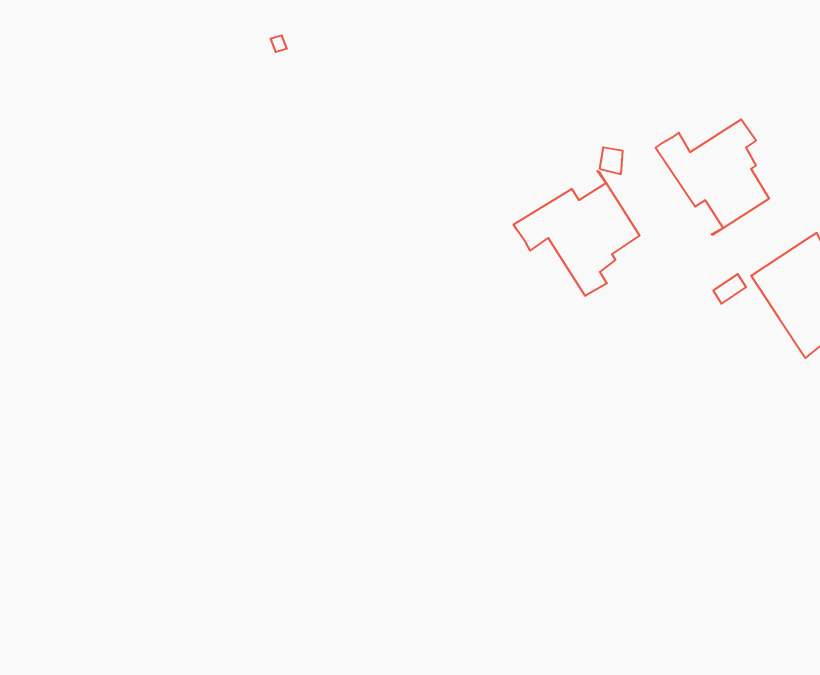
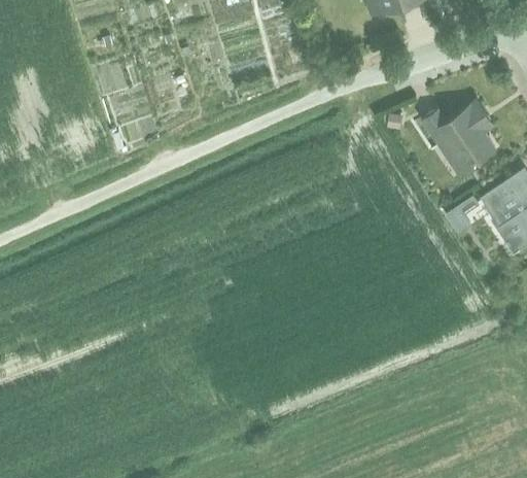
building: [514,171,640,296] -> none

